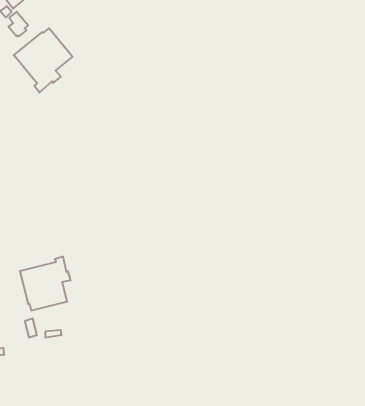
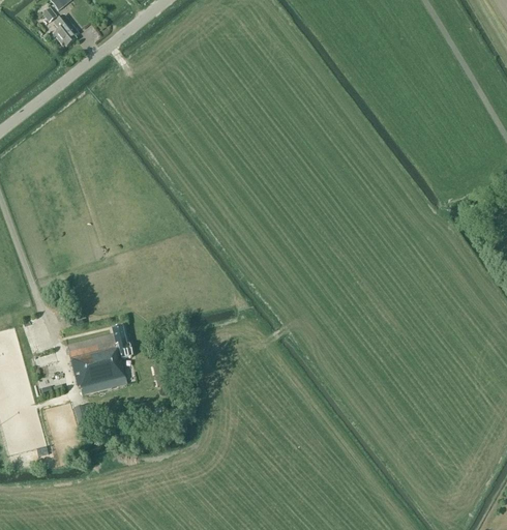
building: [14,28,72,93] -> none

